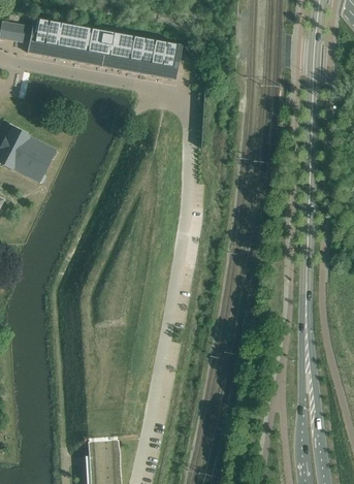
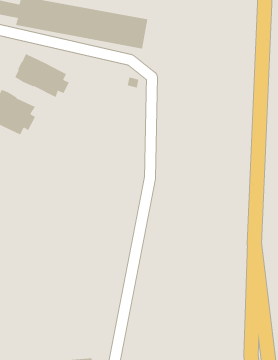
building: none -> [14,53,70,98]

